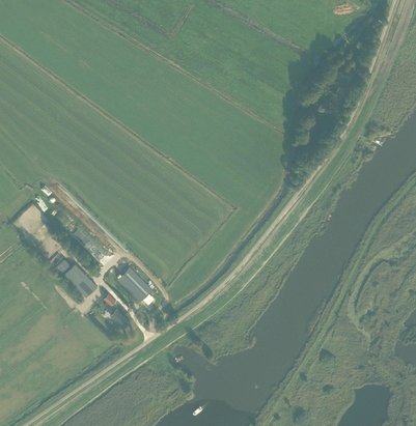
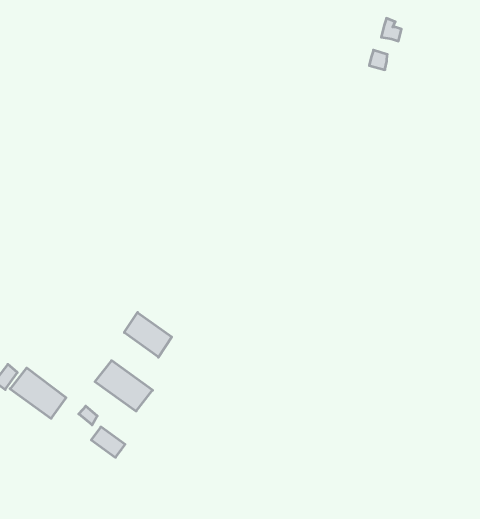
building: none -> [124,312,172,357]

